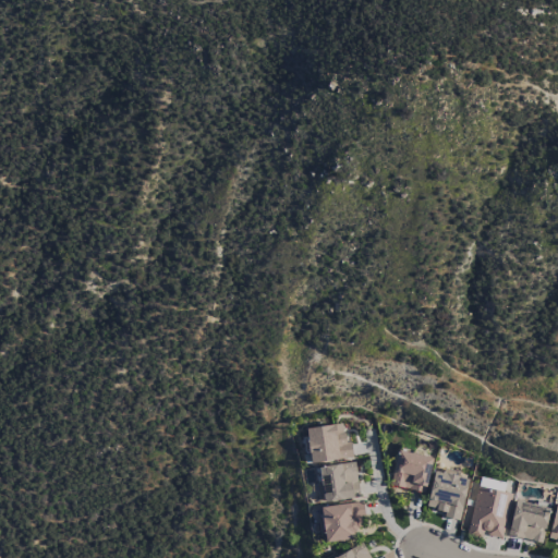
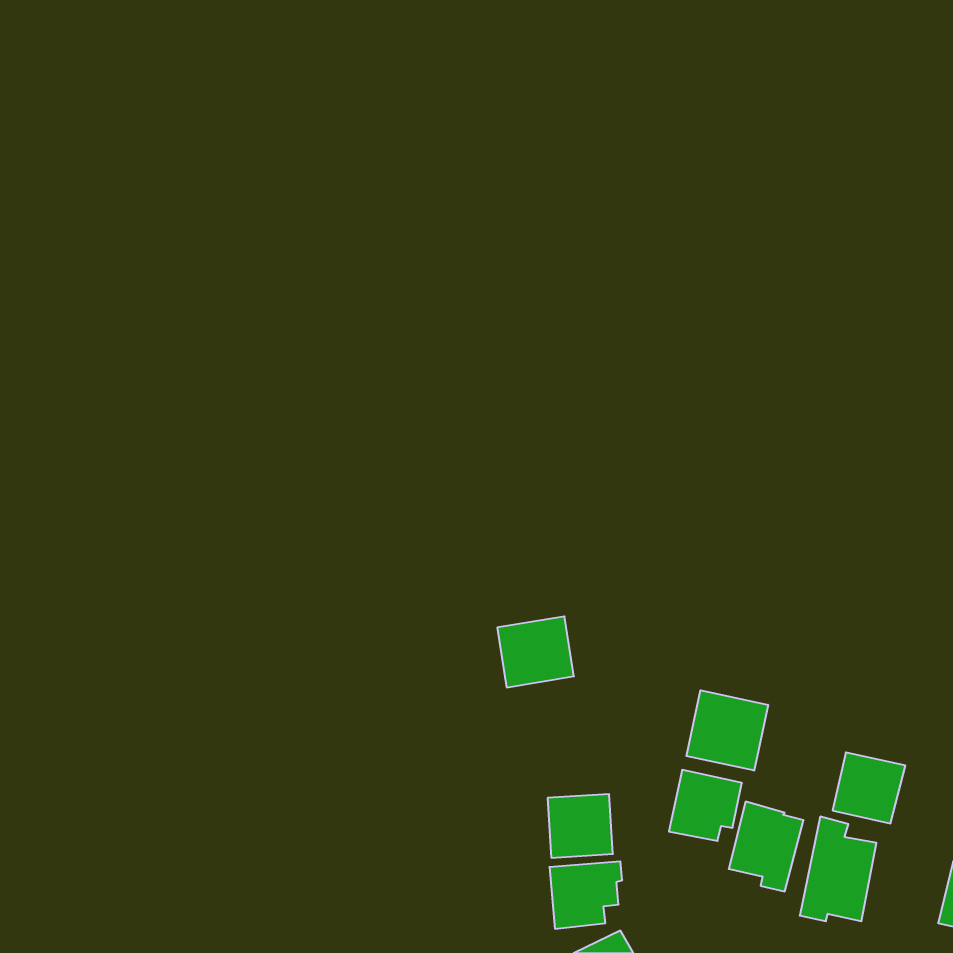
building: none -> [686,690,768,771]
building: [306,422,351,463] -> [497,616,574,687]
building: [508,500,550,542] -> [833,752,905,823]

